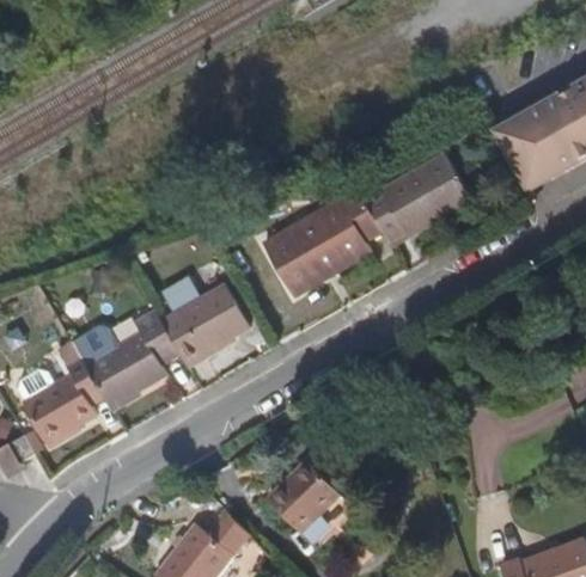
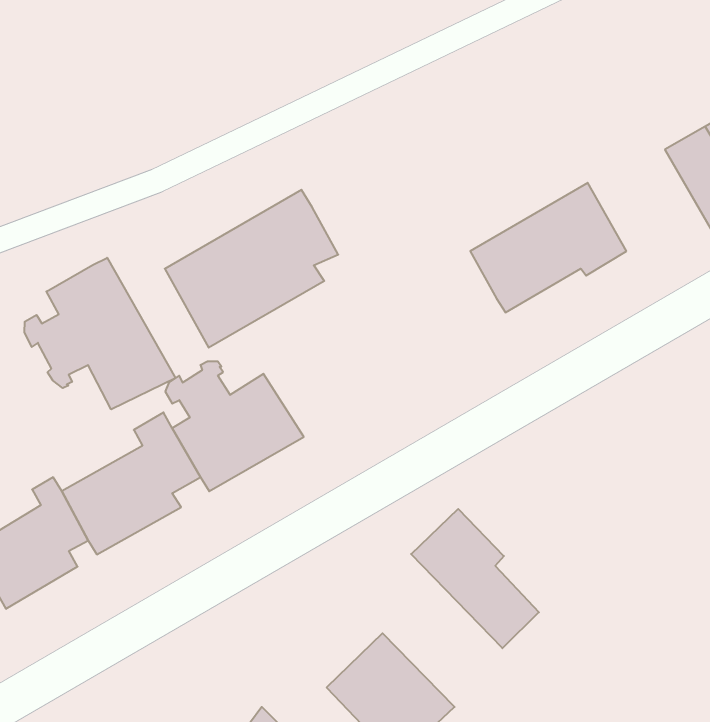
building: [264,188,383,295] -> [165,190,338,348]
building: none -> [25,258,175,409]
building: none -> [411,509,539,648]

